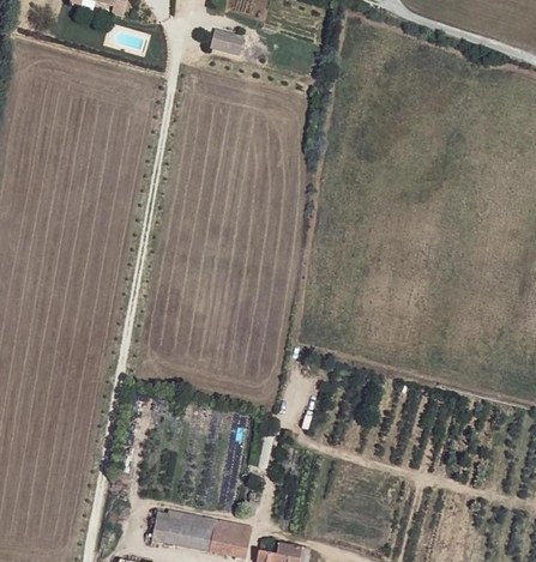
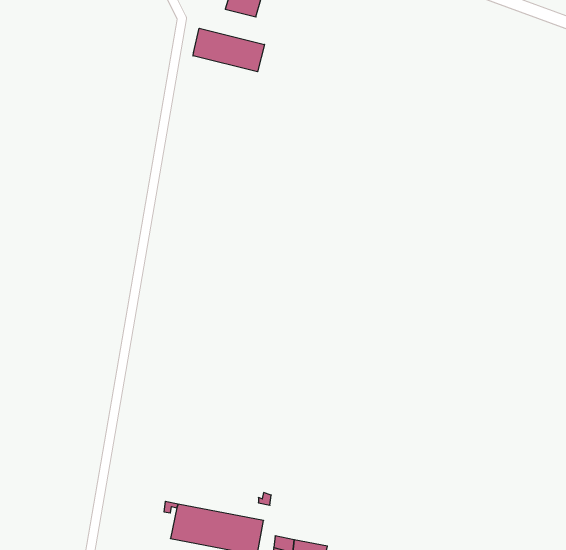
building: none -> [193,28,264,72]

